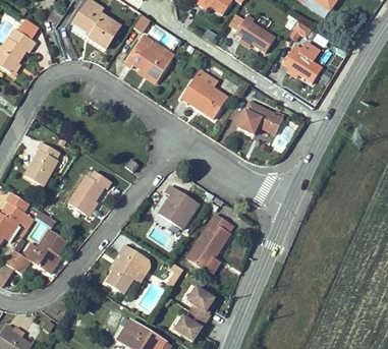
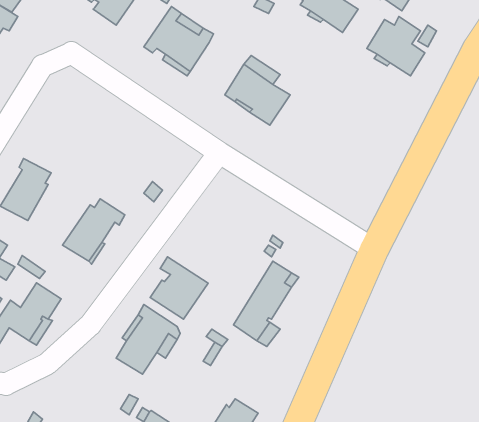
building: [238,102,283,133] -> none
building: [159,184,200,228] -> [150,257,208,319]
building: [187,286,215,321] -> none

